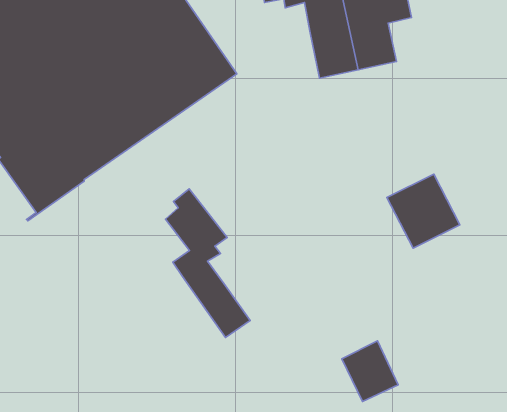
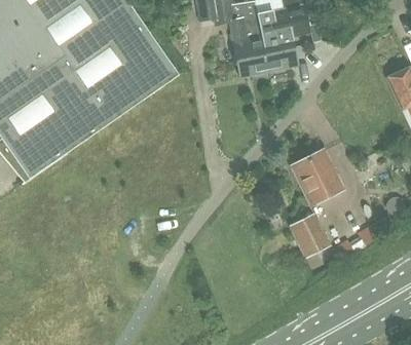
building: [165,189,250,338] -> none
building: [342,341,398,401] -> [289,212,331,257]

